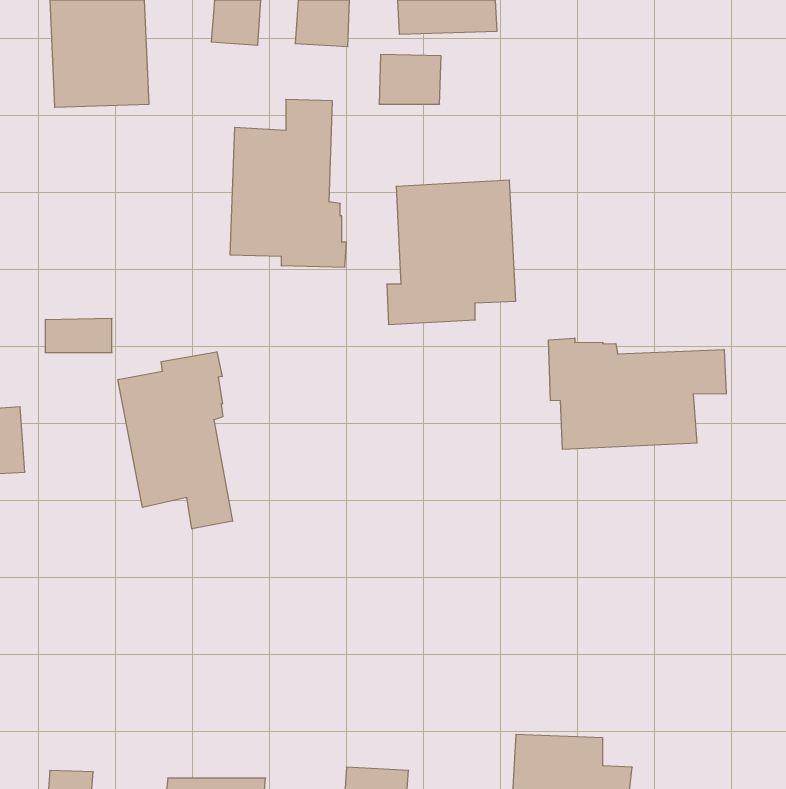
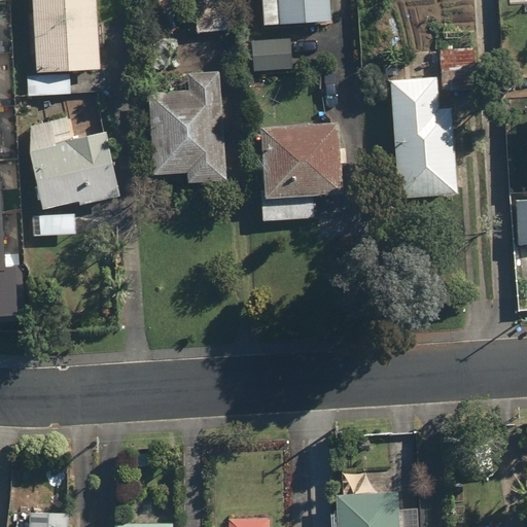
building: none -> [389,57,458,199]
building: none -> [25,111,119,208]
building: [549,338,726,449] -> none
building: [118,352,233,529] -> none

